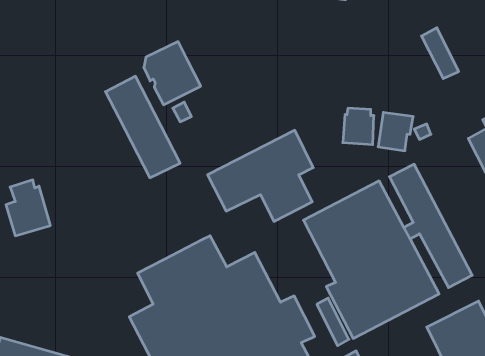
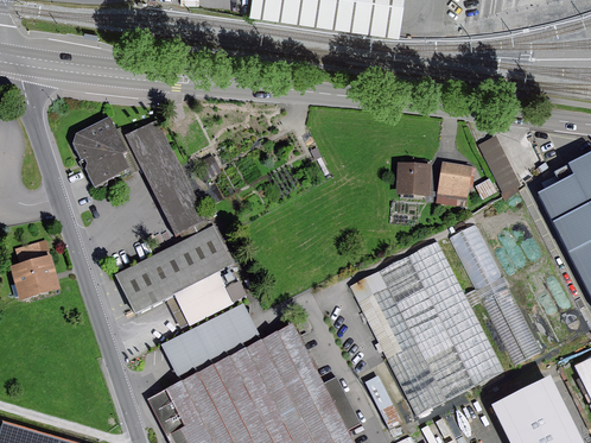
building: [421,28,459,79] -> [478,135,521,194]
building: [144,42,201,105] -> [74,118,139,190]
building: [208,130,313,221] -> [114,227,235,331]

